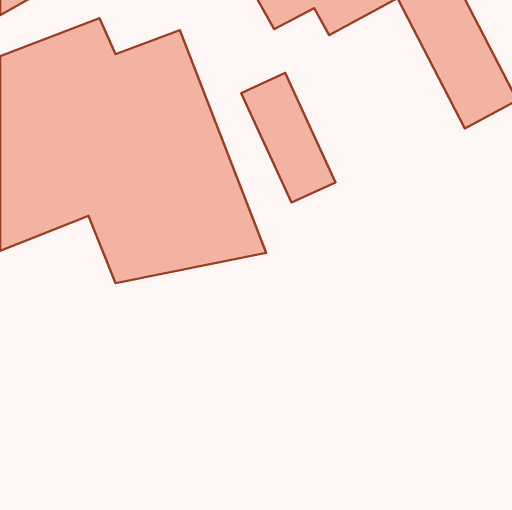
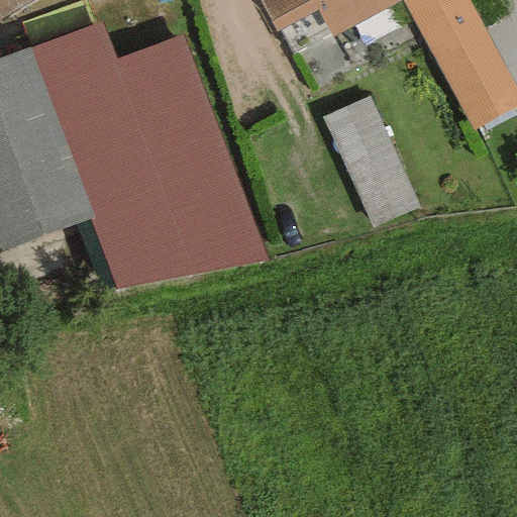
building: [241,73,336,202] -> [323,97,418,227]

